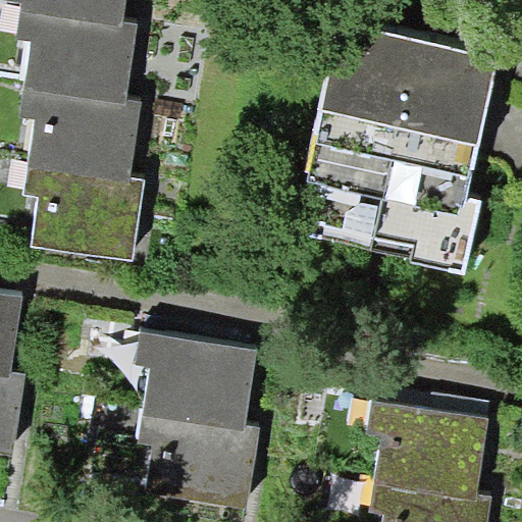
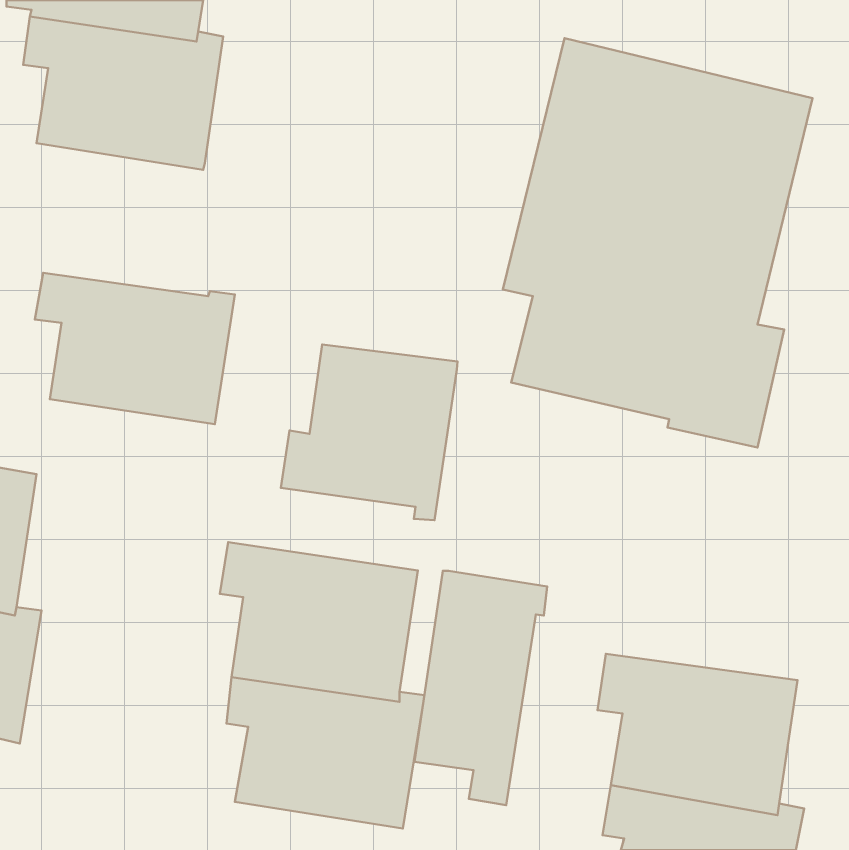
building: [18,88,141,181] -> none
building: none -> [281,344,457,520]
building: none -> [415,571,547,805]

